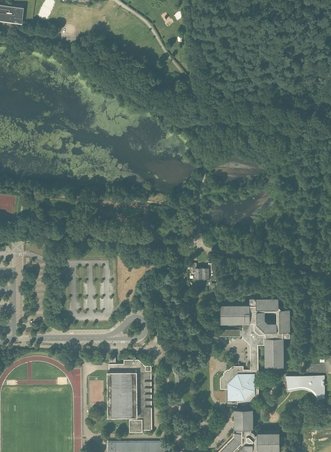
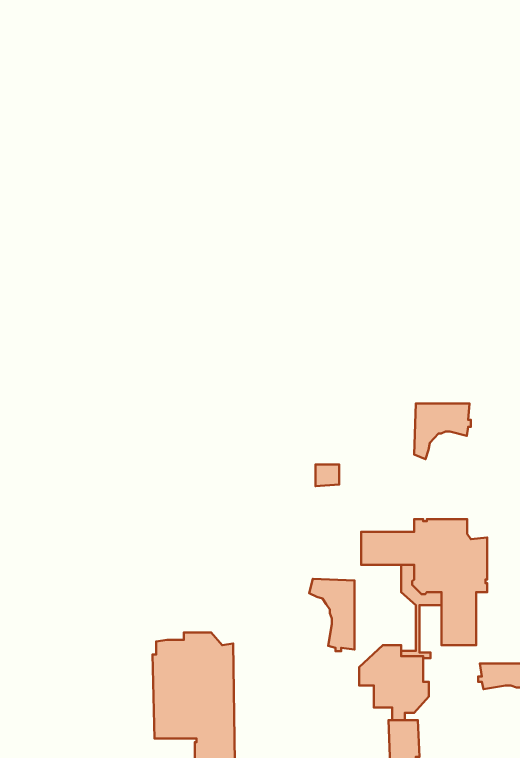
building: none -> [414,403,471,459]
building: none -> [309,579,355,651]

